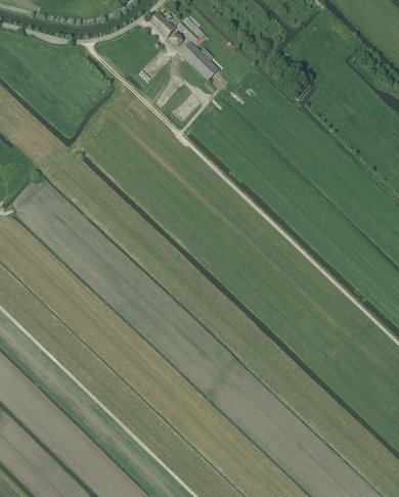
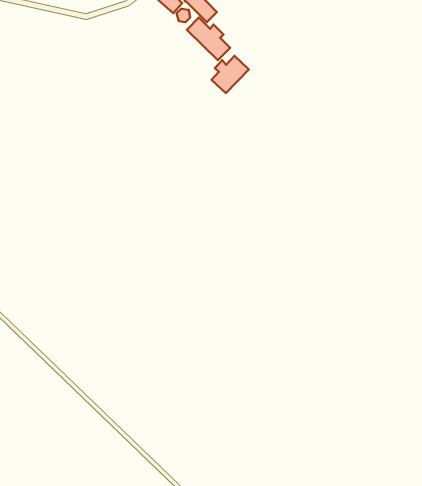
building: none -> [211,56,249,93]

